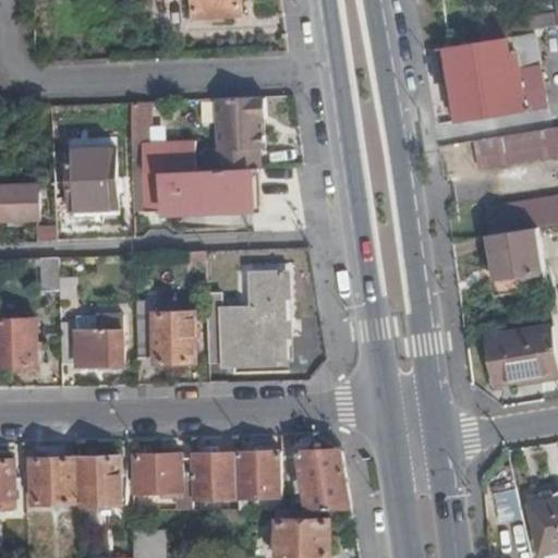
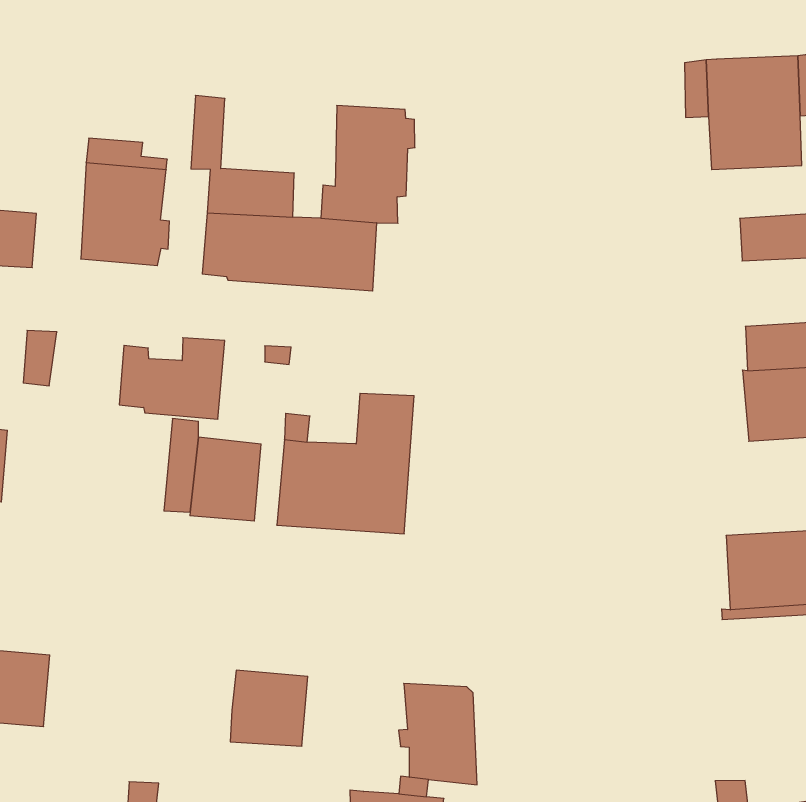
building: [59,316,122,366] -> [119,338,225,419]
building: [236,452,282,498] -> none
building: [136,456,194,510] -> none
building: [82,458,128,506] -> none

